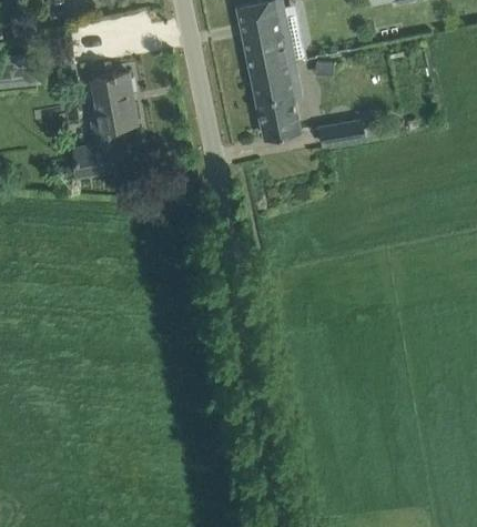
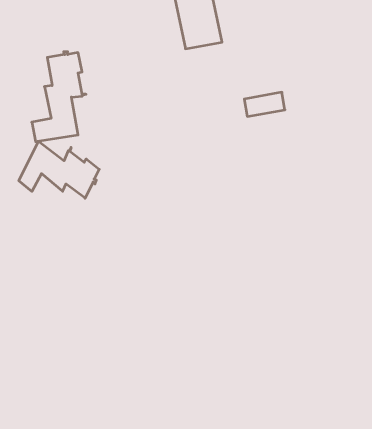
building: [251,62,301,139] -> none
building: none -> [19,141,99,198]

